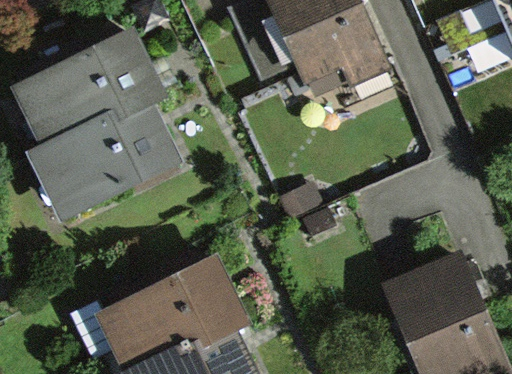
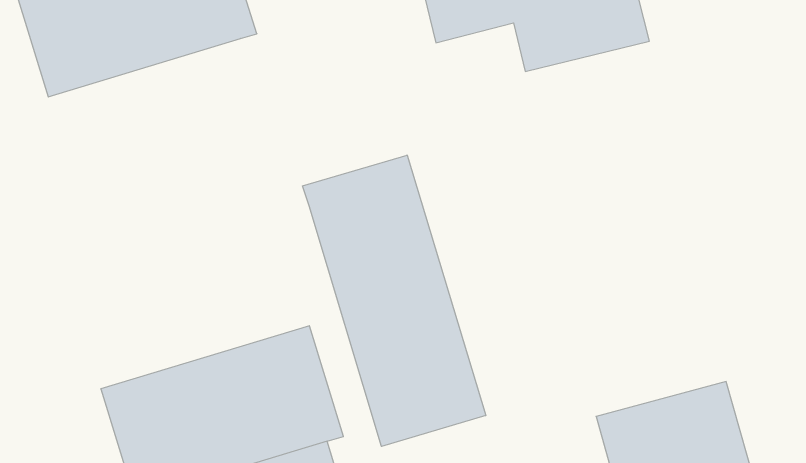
building: [34,97,178,212] -> none
building: none -> [303,155,486,446]

